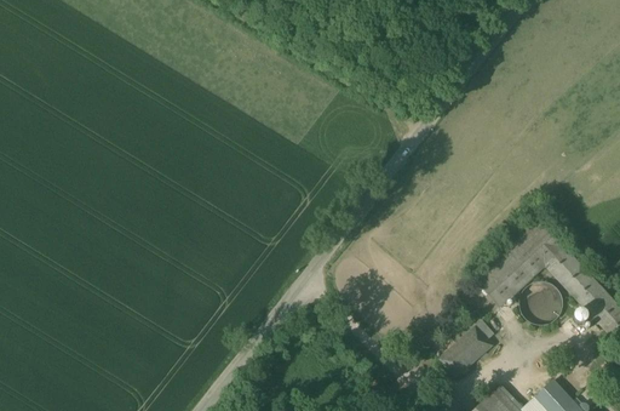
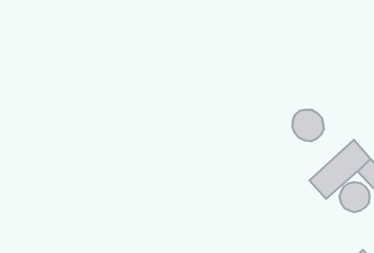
building: none -> [292,110,324,141]
building: [441,322,494,373] -> none

